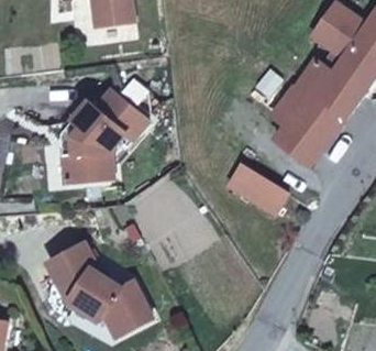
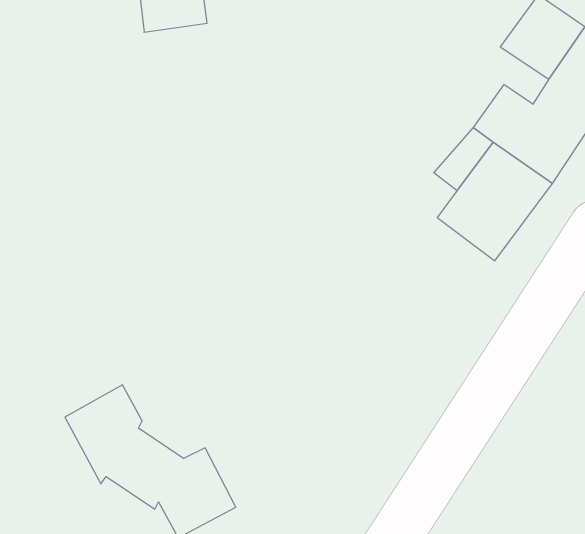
building: [62,89,146,182] -> none
building: [226,164,287,215] -> none

